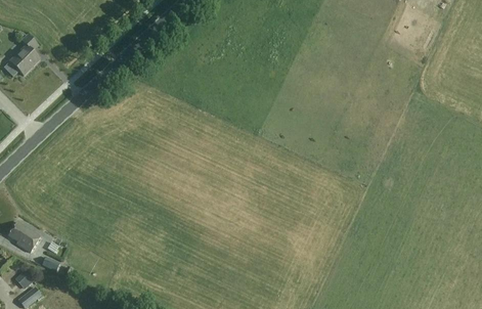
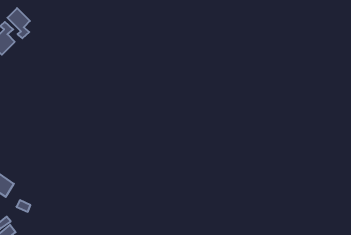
building: none -> [7,8,30,38]

